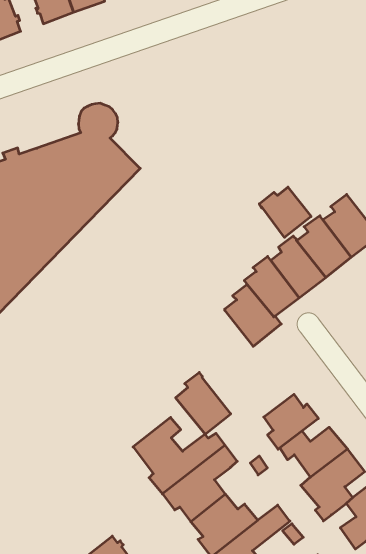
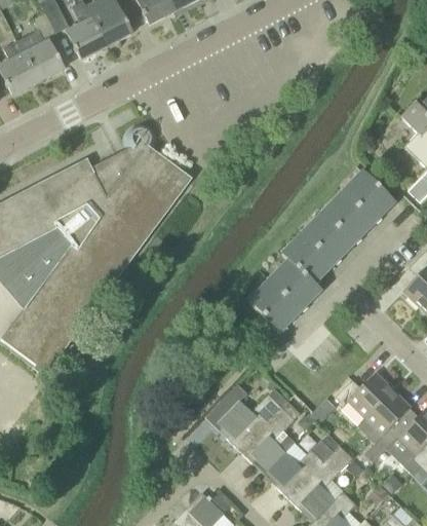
building: [259,187,311,237] -> none
building: [176,372,231,434] -> [250,279,300,332]
building: [264,394,318,449] -> none

